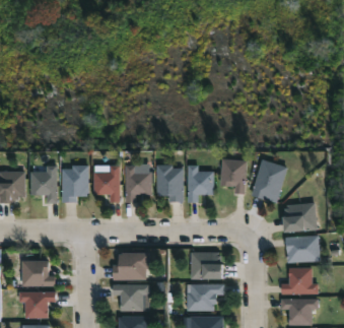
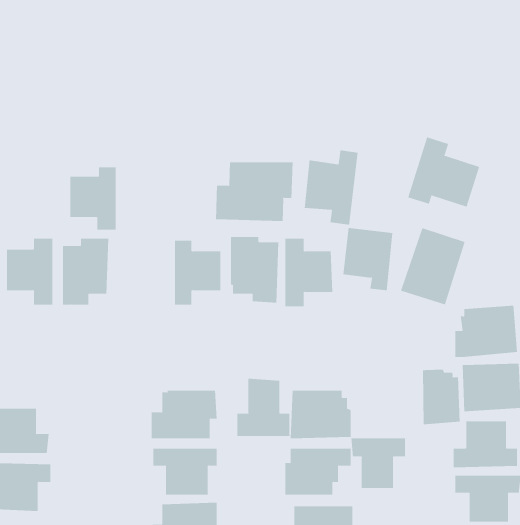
building: none -> [407,136,480,207]
building: none -> [304,150,358,226]
building: none -> [215,161,293,222]
building: [91,167,118,202] -> [69,167,116,230]
building: none -> [422,369,460,425]
building: none -> [237,378,290,437]
building: none -> [351,438,405,489]

